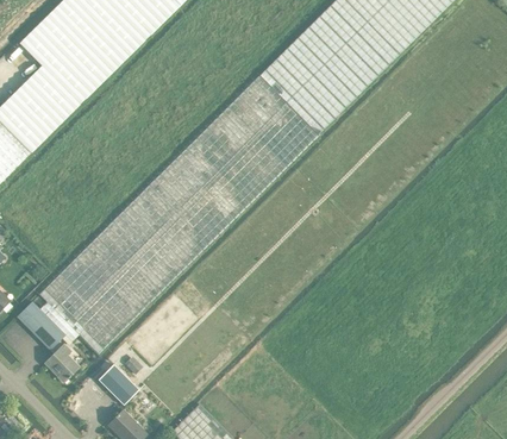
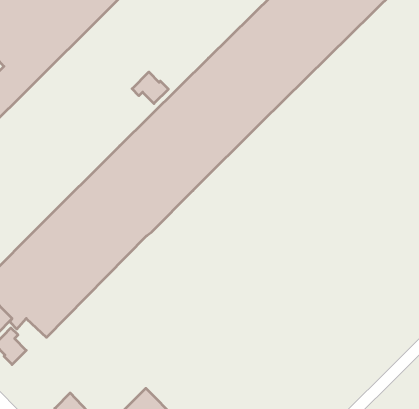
building: none -> [132,72,168,104]
building: [96,364,137,404] -> none

